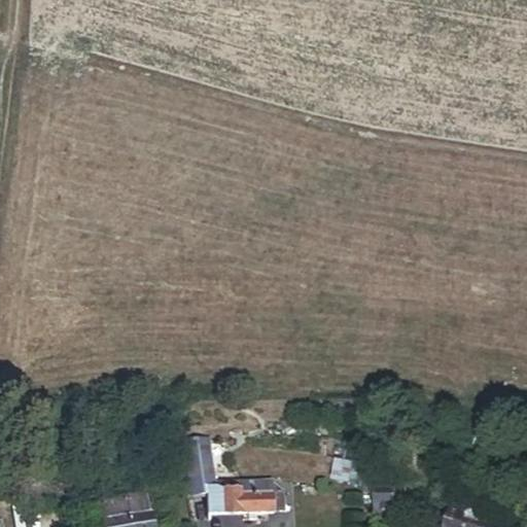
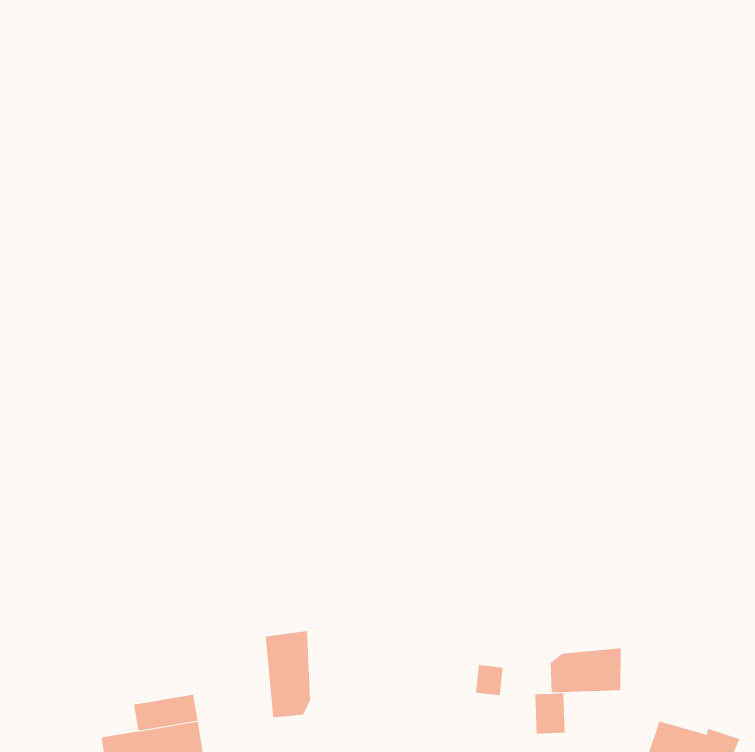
building: none -> [550,648,621,693]
building: [211,483,285,522] -> none

